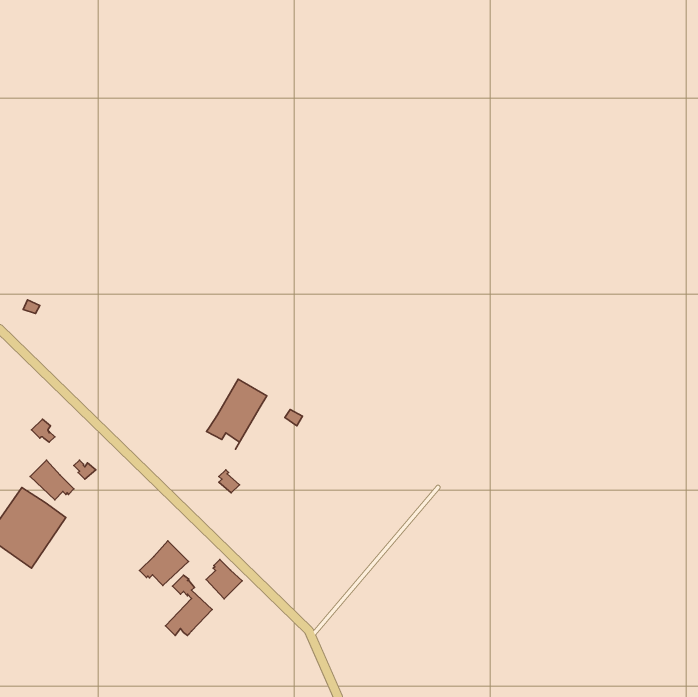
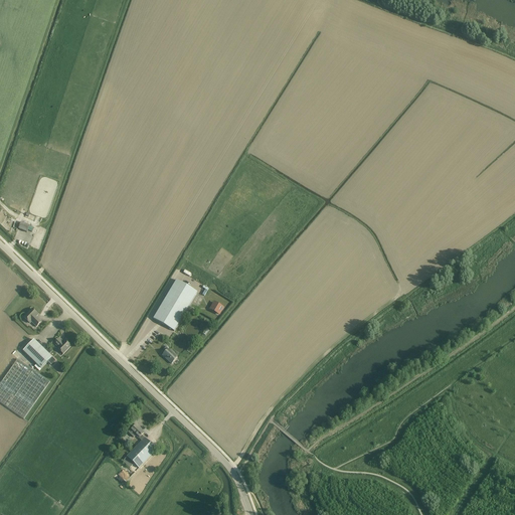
building: [140,541,188,585] -> none
building: [206,560,242,599] -> none

